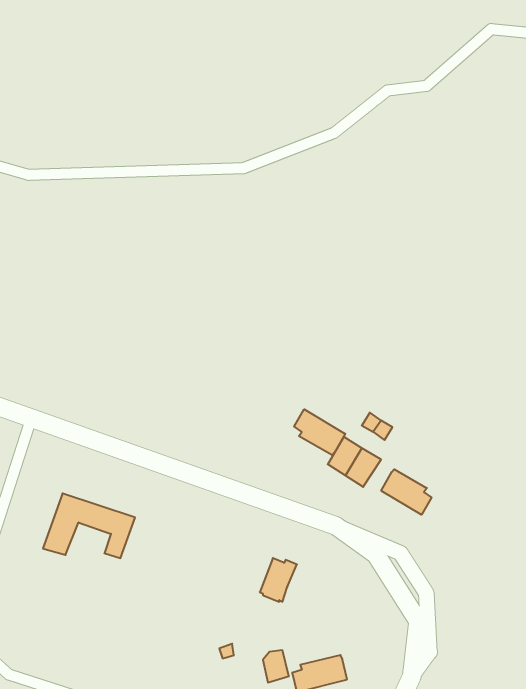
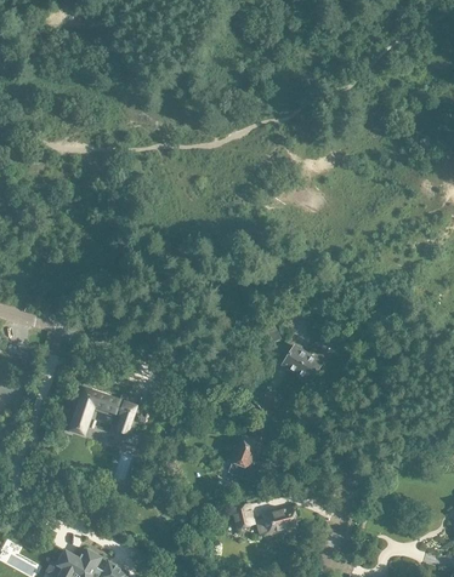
building: [294,409,345,455] -> none
building: [381,469,432,515] -> none

